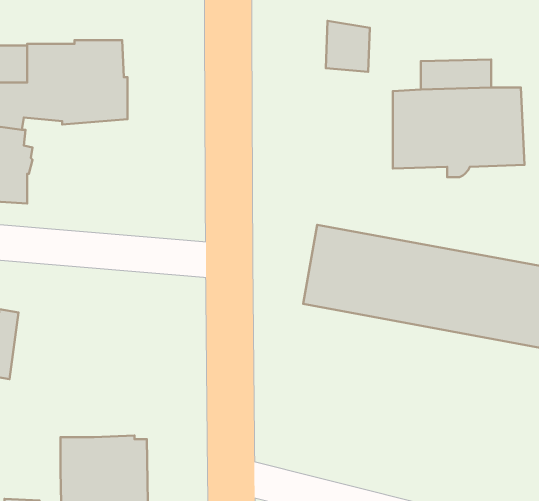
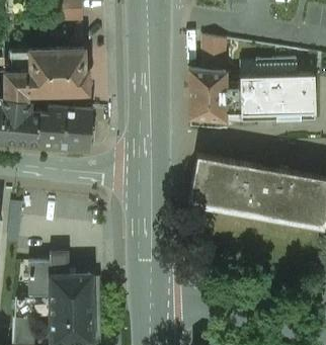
building: none -> [188,70,240,123]
building: none -> [36,106,92,149]
building: none -> [28,256,68,297]

